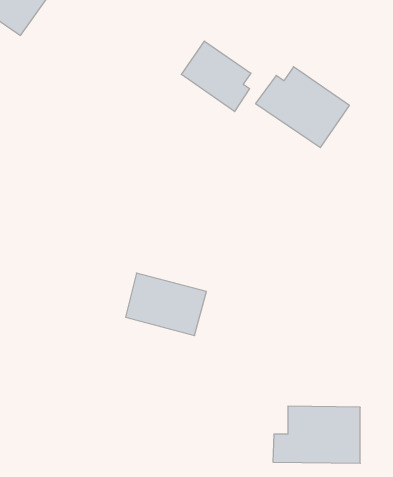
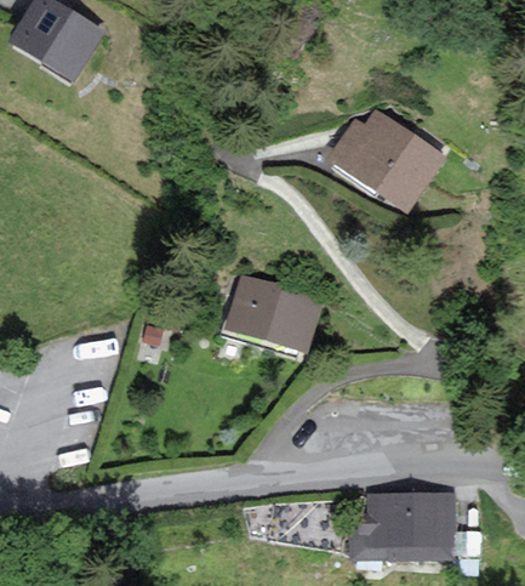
building: [181,41,251,112] -> none
building: [126,273,206,336] -> [228,278,319,348]

